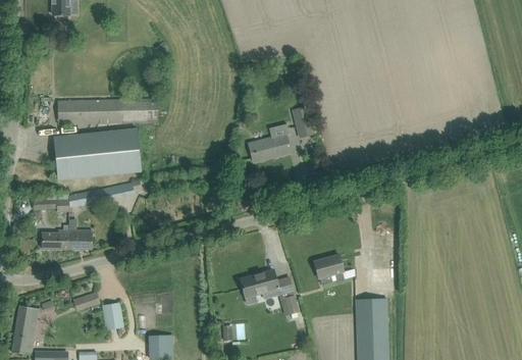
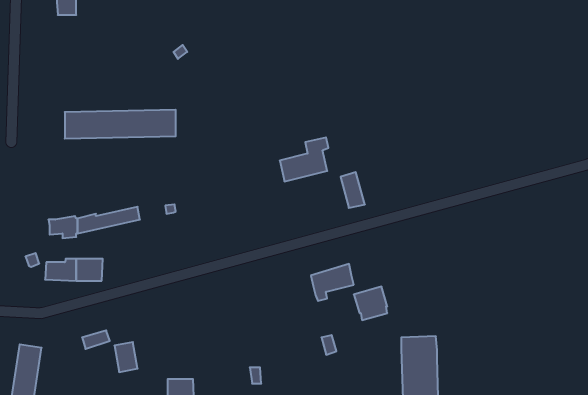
building: [293,104,314,136] -> [341,172,365,208]
building: [53,127,141,179] -> none
building: [241,269,278,302] -> [311,264,354,301]

